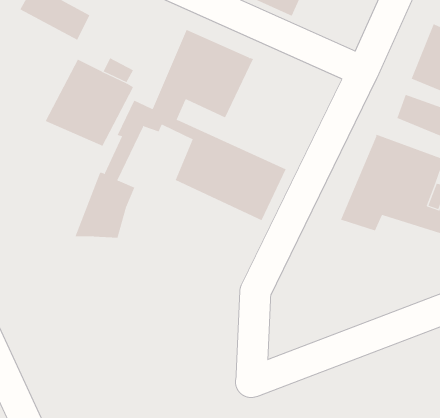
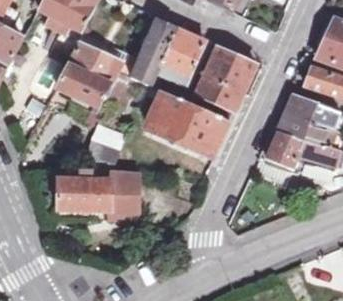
building: none -> [197,47,255,111]
building: none -> [58,169,139,217]

